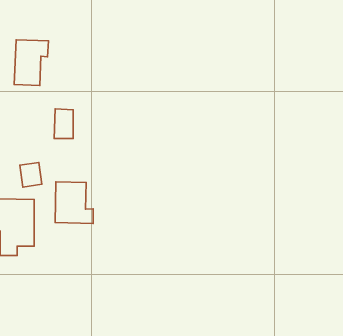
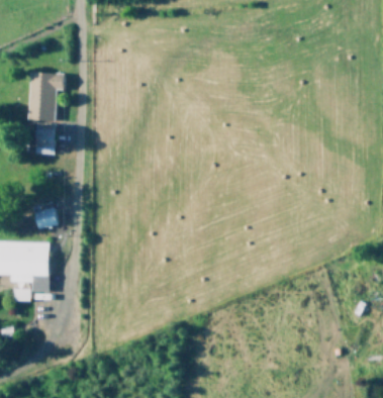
building: [54,109,73,138] -> [34,122,55,154]
building: [55,182,93,223] -> none

